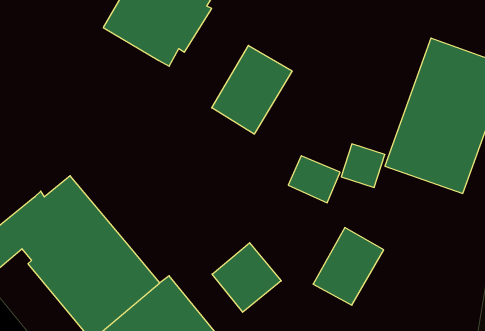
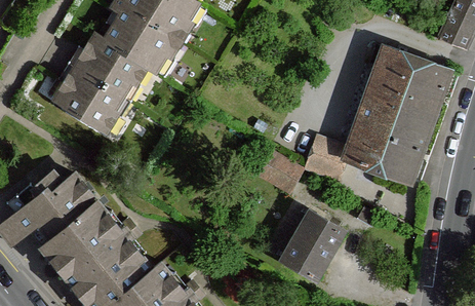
building: none -> [50,33,148,133]
building: [212,45,292,134] -> none
building: [212,243,281,312] -> none

